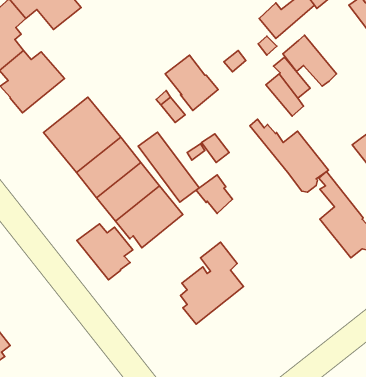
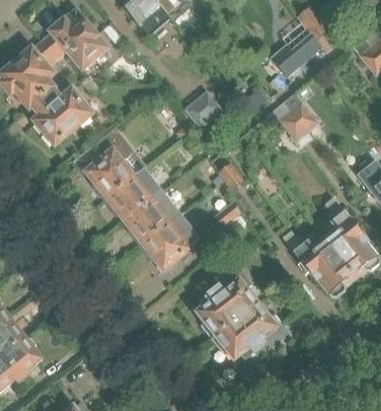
building: [283,35,337,86] -> none
building: [250,119,328,192] -> [283,230,355,297]
building: [138,132,199,202] -> none
building: [77,224,133,280] -> none
building: none -> [213,303,290,358]

